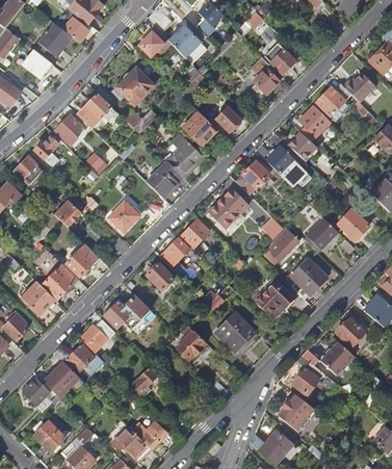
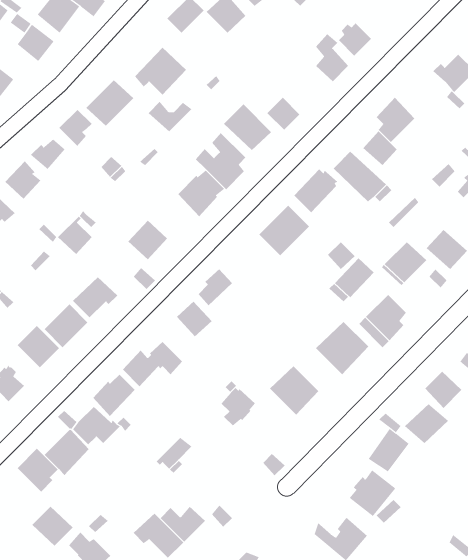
building: [316,83,352,116] -> none
building: [182,218,210,246] -> none

